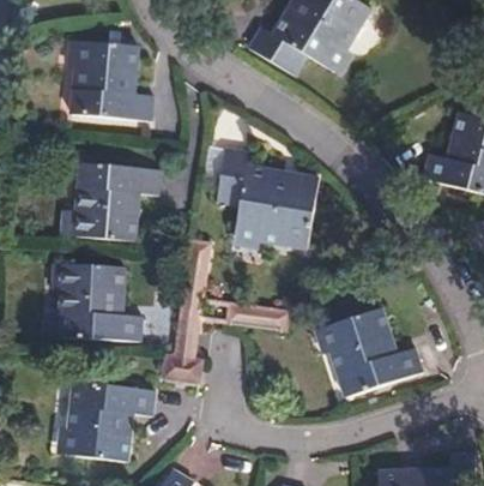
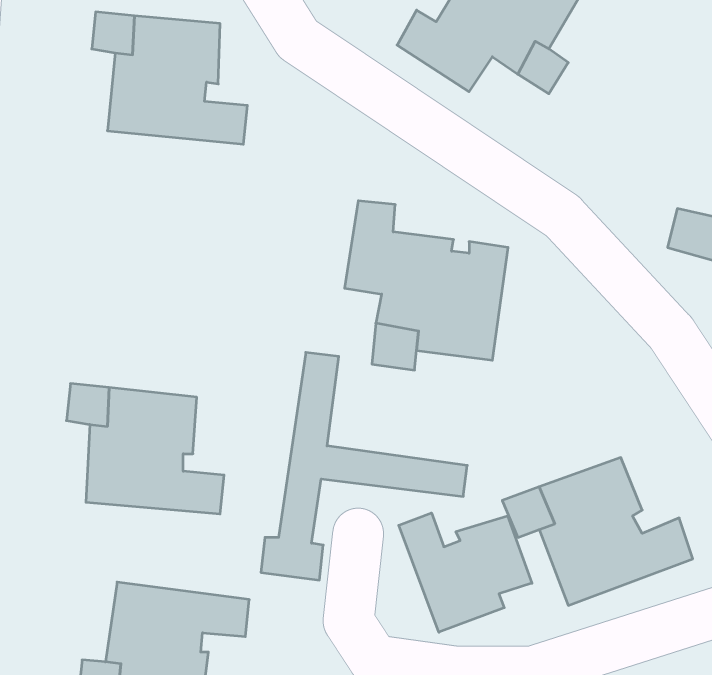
building: [58,161,157,242] -> none
building: none -> [399,513,532,632]

